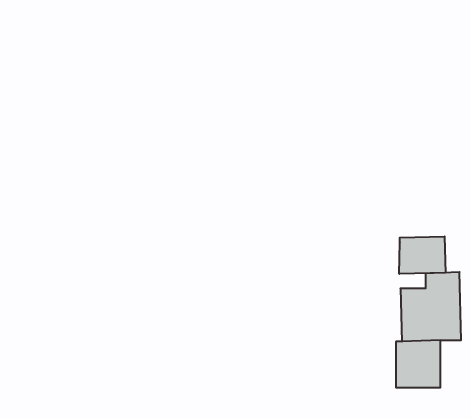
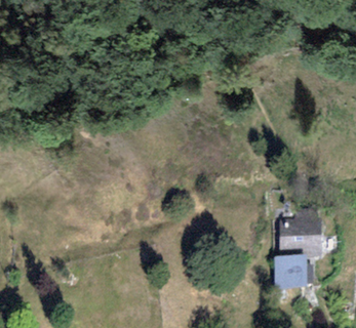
building: [399,236,446,274] -> none

